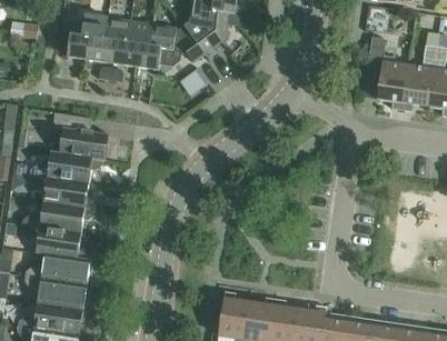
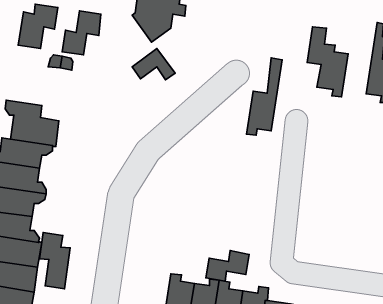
building: [90,17,130,62] -> none
building: [135,23,205,69] -> none
building: [401,30,438,110] -> [247,58,282,135]
building: none -> [39,232,70,289]
building: none -> [206,250,249,281]

